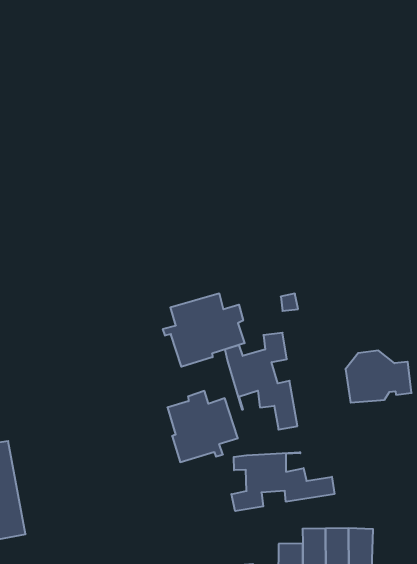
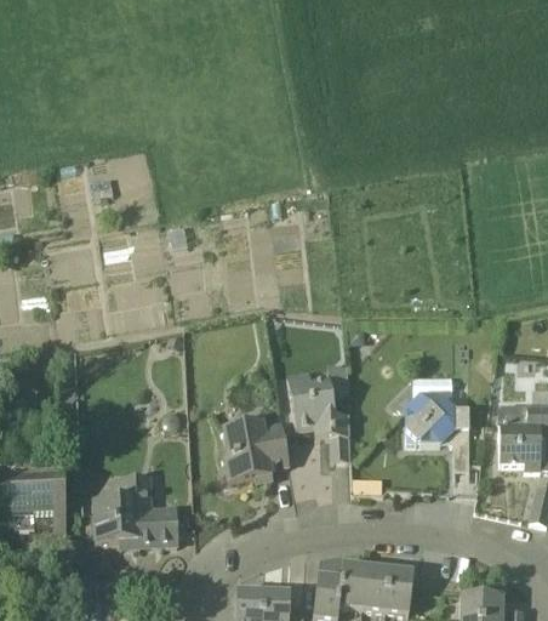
building: [163,293,245,367] -> none
building: [231,452,334,511] -> none
building: none -> [95,475,179,546]

